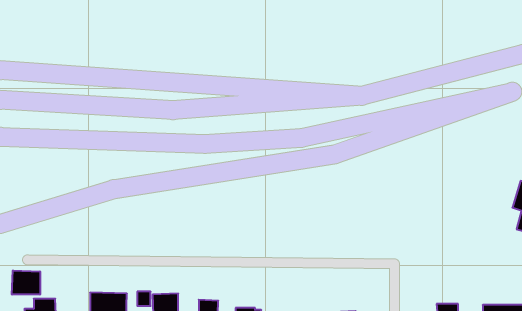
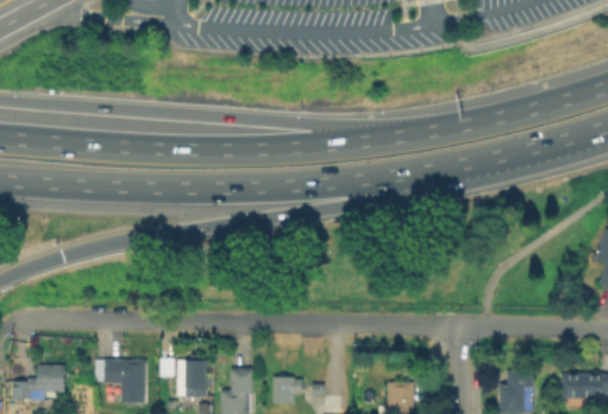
building: [12,270,40,295] -> none

